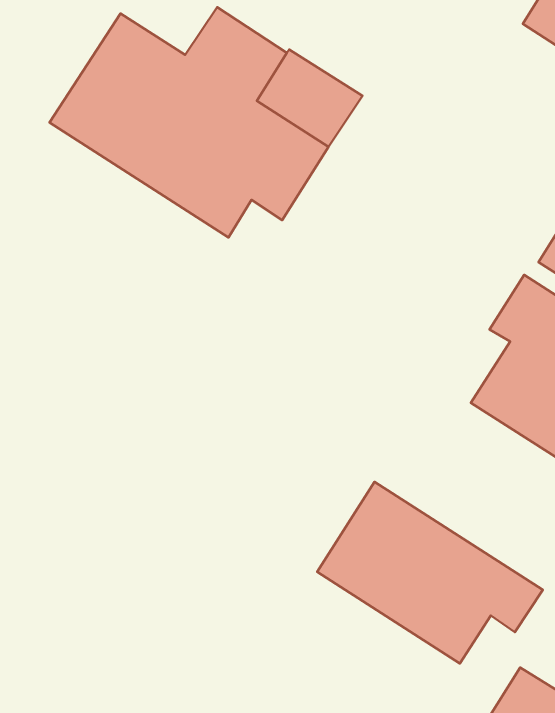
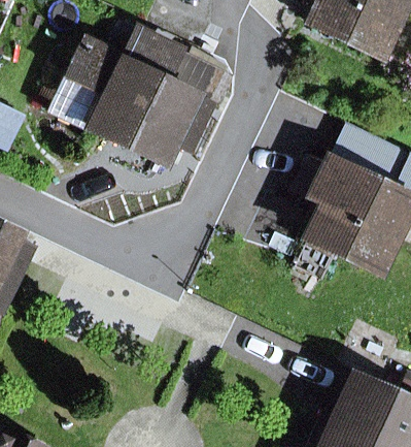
building: [317,482,543,664] -> none

